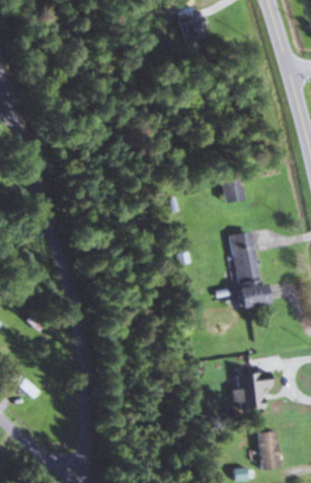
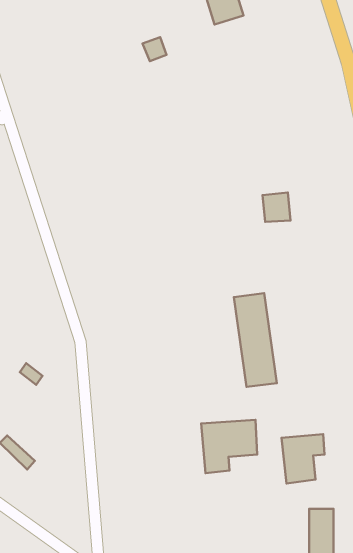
building: [230,231,264,306] -> [234,293,277,387]
building: none -> [201,420,257,473]

